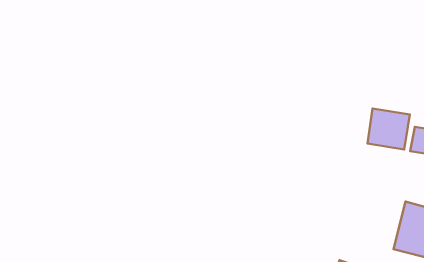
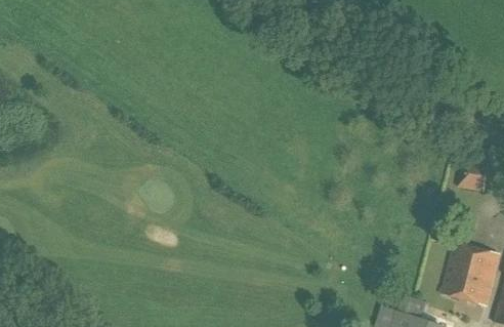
building: [368,108,410,150] -> none

